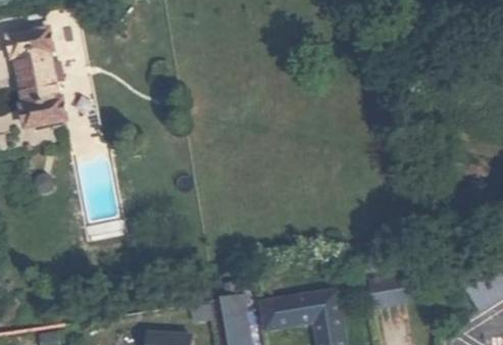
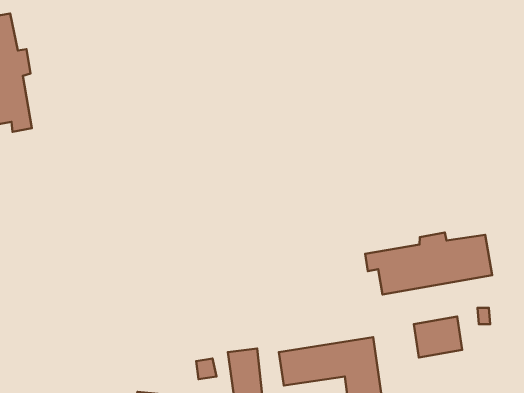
building: none -> [365,232,492,295]

